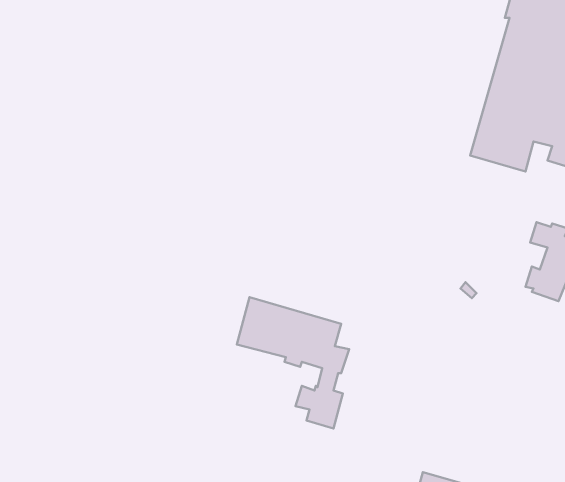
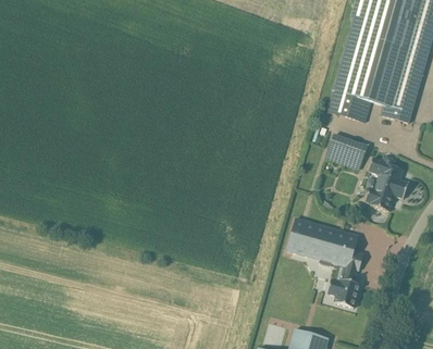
building: none -> [325,132,369,167]
building: [237,297,349,428] -> [287,216,364,307]

